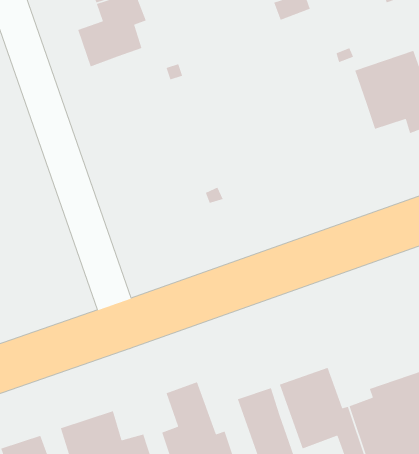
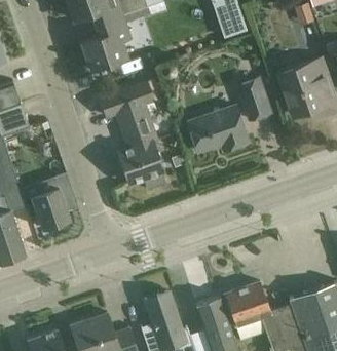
building: none -> [237,79,269,120]
building: none -> [100,83,162,184]
building: none -> [187,107,248,152]
building: none -> [31,172,77,228]

